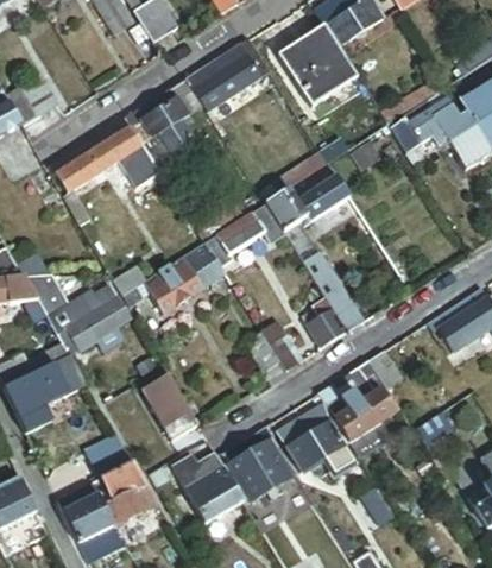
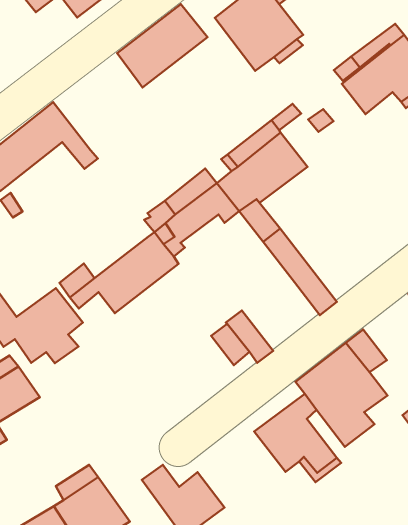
building: [124,78,202,164] -> none
building: [301,301,347,349] -> none
building: [141,374,197,440] -> none
building: [217,425,297,501] -> none

